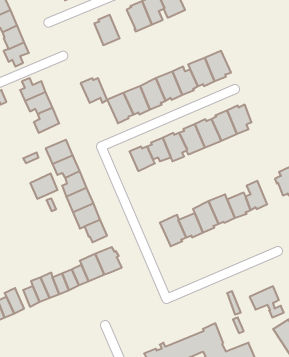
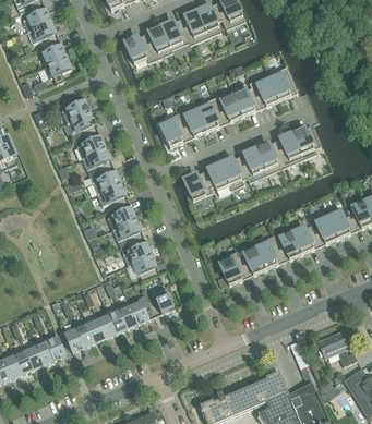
building: none -> [160,20,189,49]
building: [81,78,107,103] -> [123,35,153,62]
building: [30,173,58,199] -> [81,146,111,174]
building: none -> [325,205,353,237]

